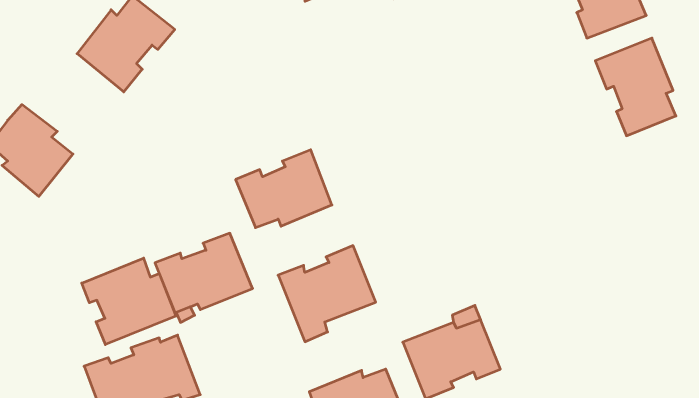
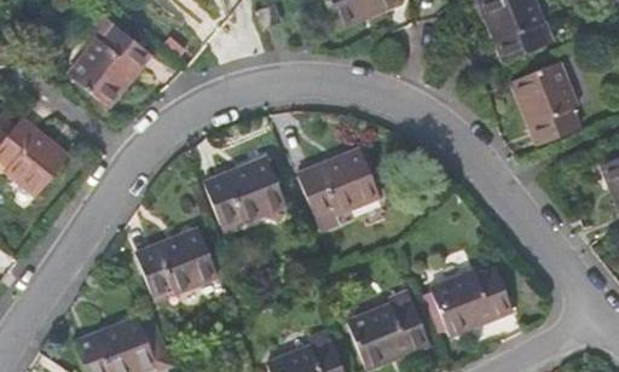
building: [278,246,376,342] -> [296,147,380,229]
building: [82,258,176,345] -> none
building: none -> [429,267,513,335]

